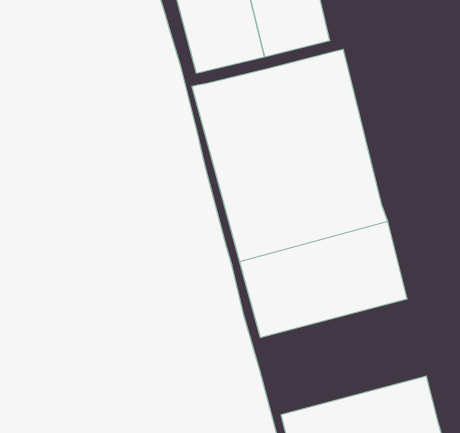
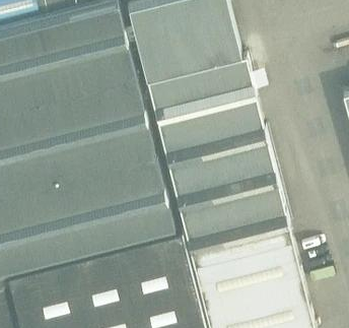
building: none -> [188,225,301,305]

